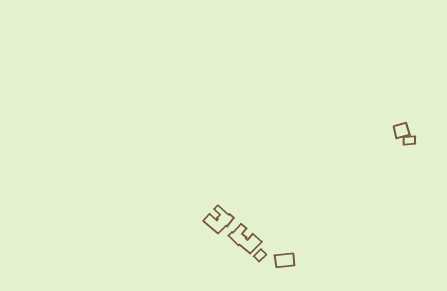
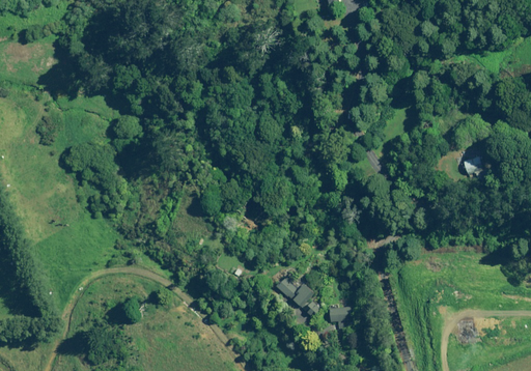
building: [203,205,234,233] -> none

